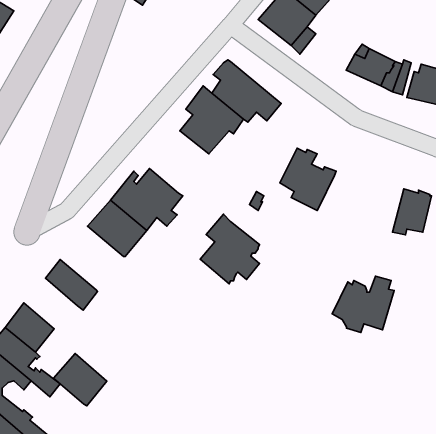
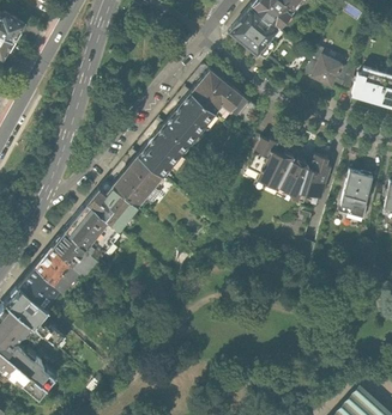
building: [200,214,259,284] -> [139,117,188,175]
building: none -> [65,202,117,255]
building: [332,276,394,333] -> [279,155,331,202]
building: [53,354,107,406] -> [35,245,79,288]

